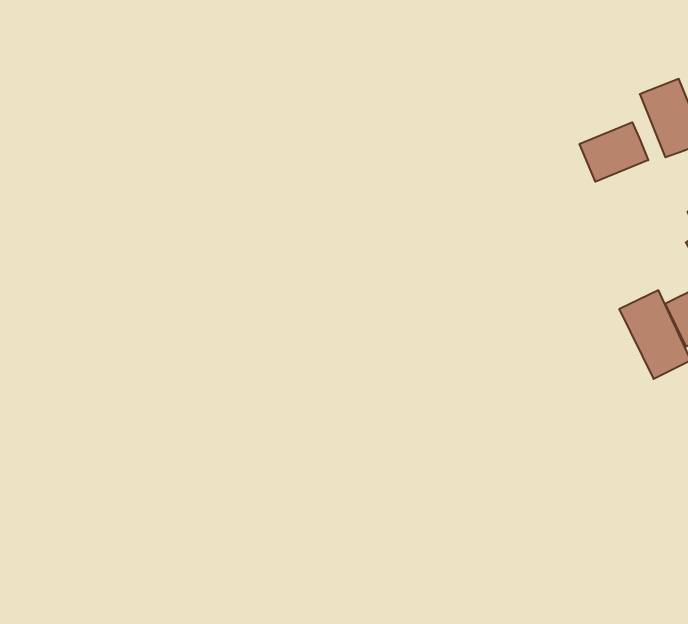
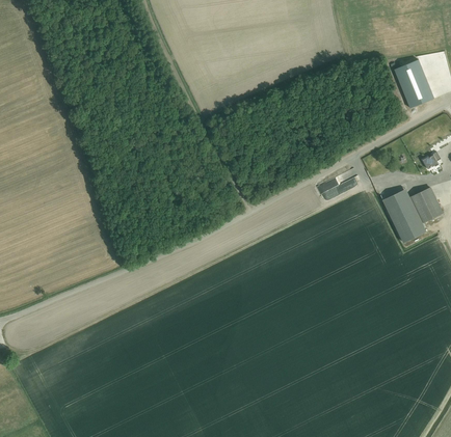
building: [580,122,648,182] -> none

